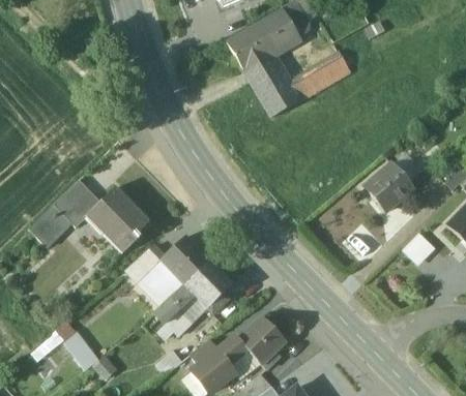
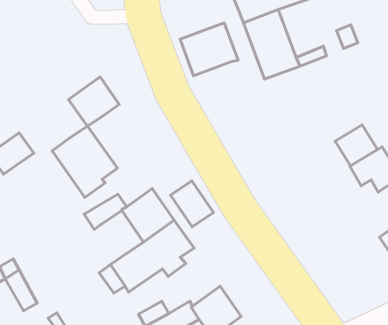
building: none -> [180,23,238,76]
building: none -> [335,125,377,166]
building: [53,179,100,226] -> [68,77,119,126]
building: [142,261,184,303] -> [170,181,214,227]

